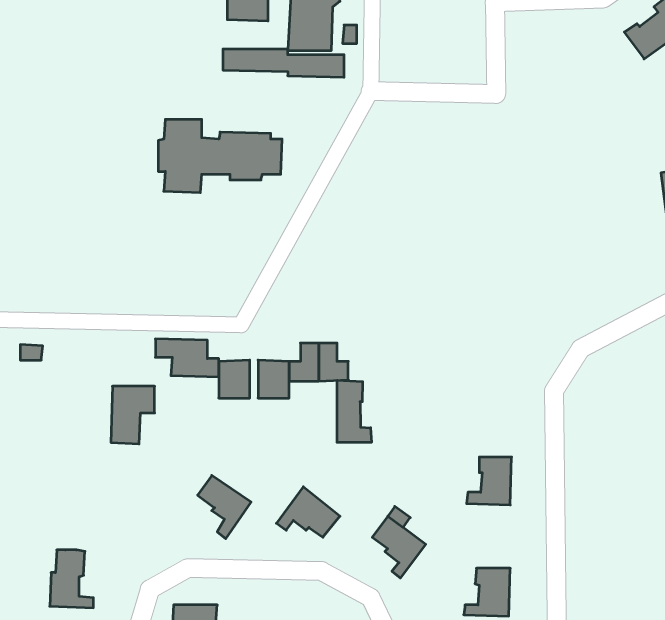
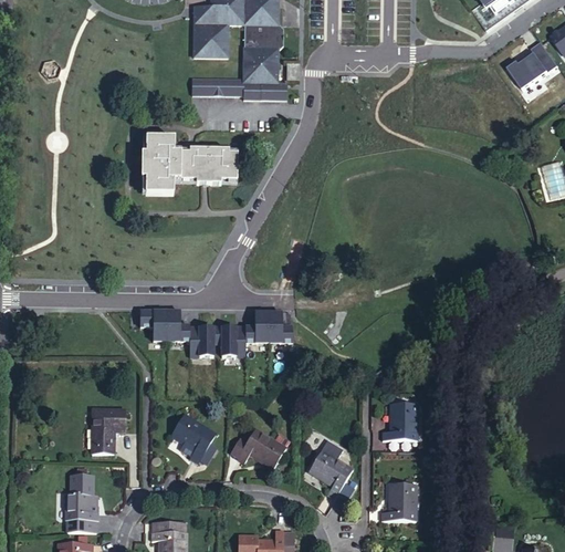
building: [337,380,371,442] -> none
building: [111,386,155,444] -> [87,406,122,451]

